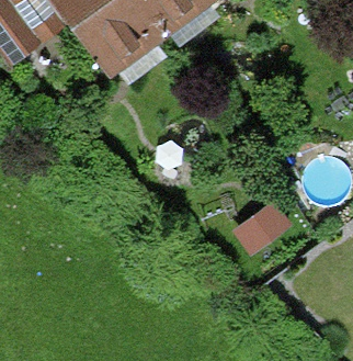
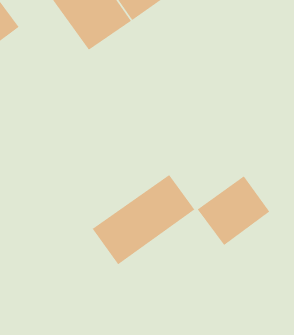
building: none -> [92,174,195,265]

